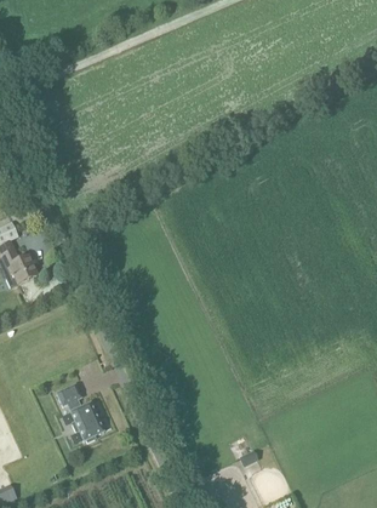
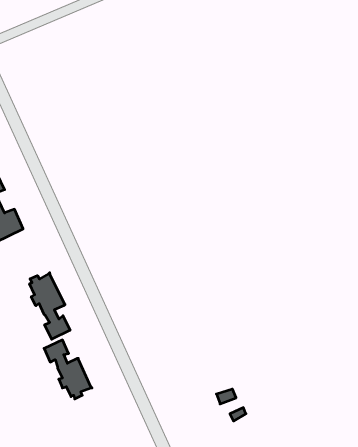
building: none -> [30,273,70,339]

